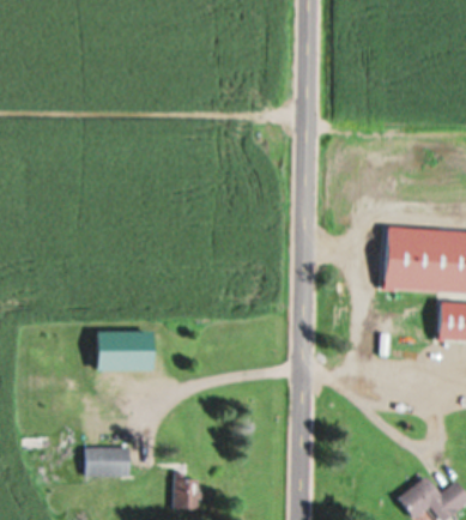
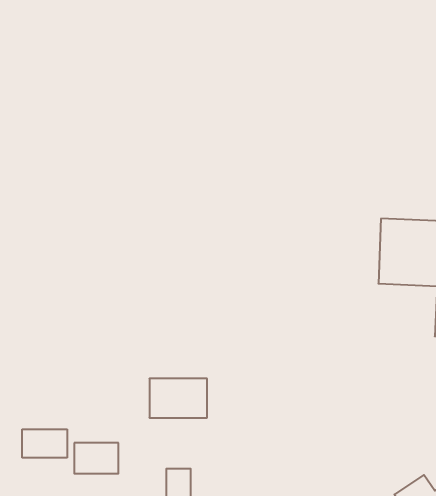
building: [96,332,152,370] -> [149,379,207,418]
building: none -> [22,429,67,458]

